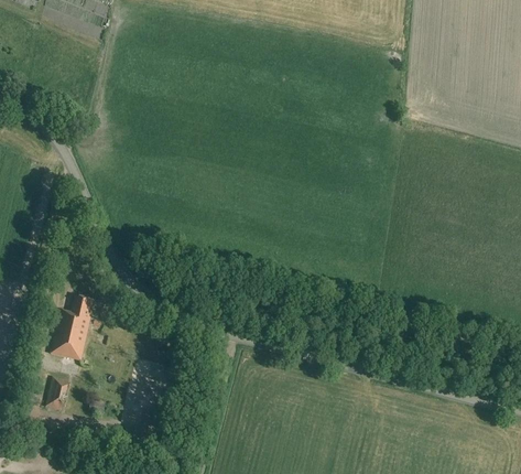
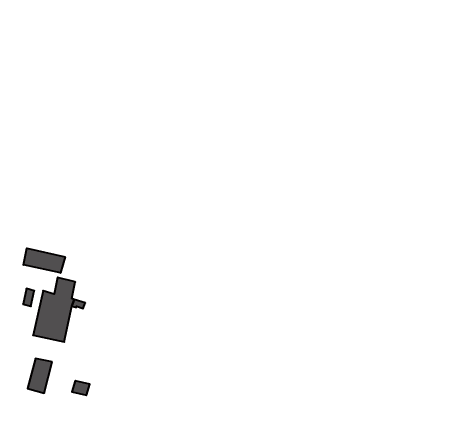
building: none -> [23,248,65,273]

